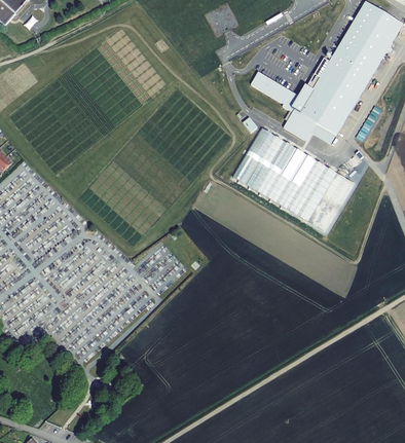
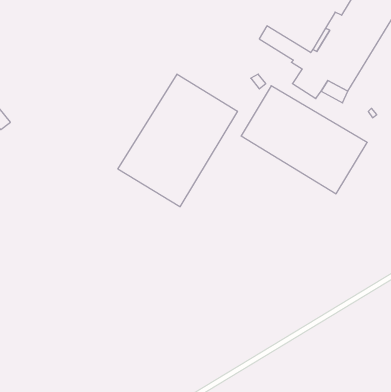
building: none -> [118,74,237,207]

